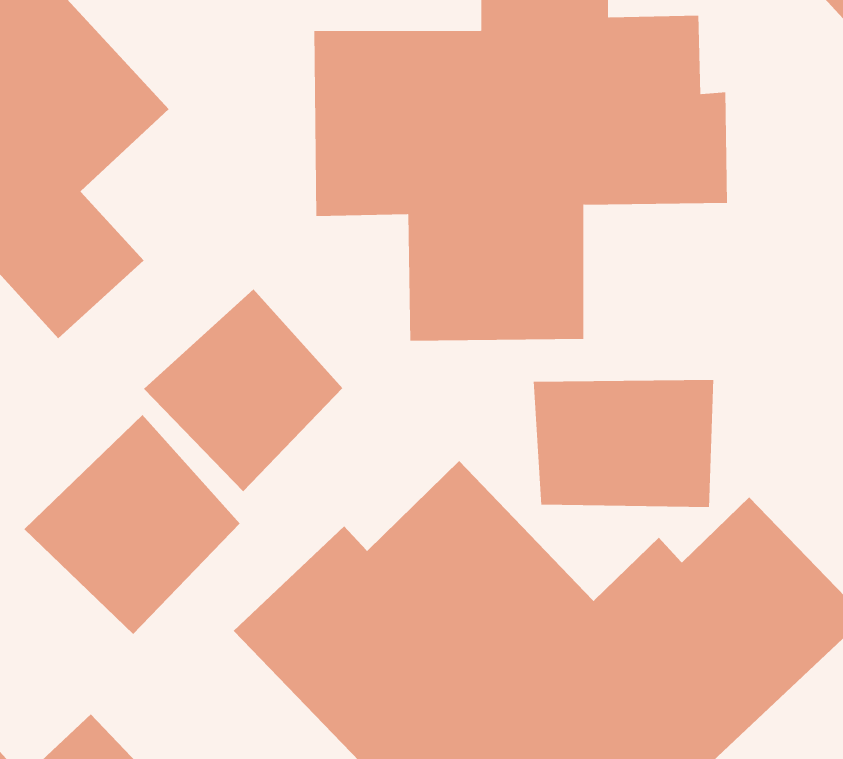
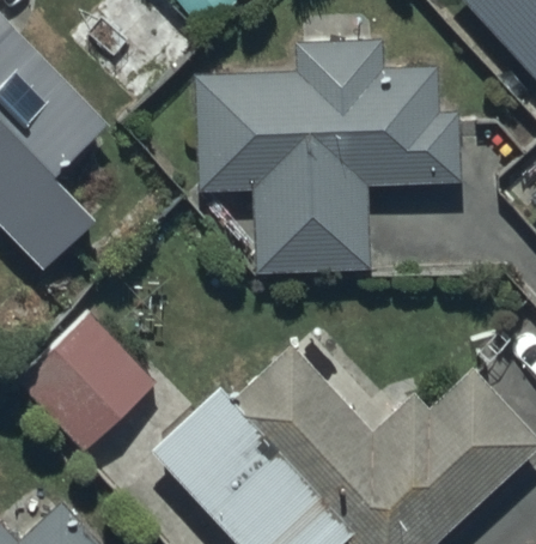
building: [143,288,343,492] -> none
building: [533,379,714,508] -> none

